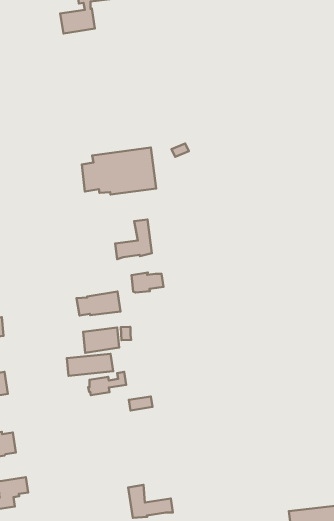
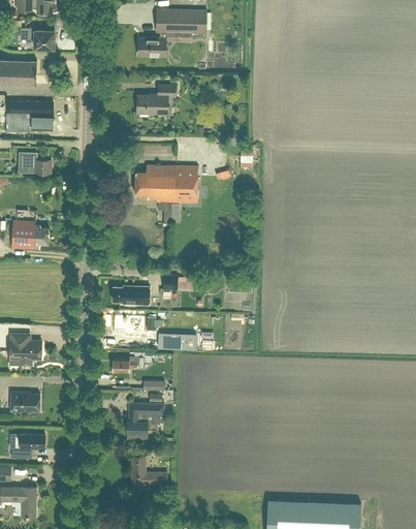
building: none -> [136,85,174,114]
building: [115,219,152,259] -> none
building: [67,354,113,376] -> [157,333,196,350]
building: none -> [126,403,163,440]

